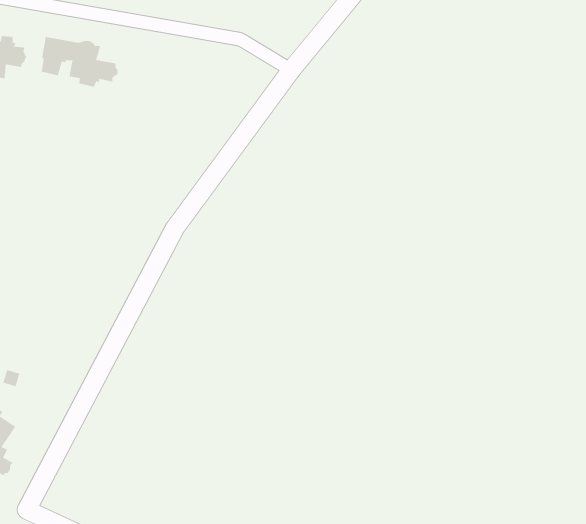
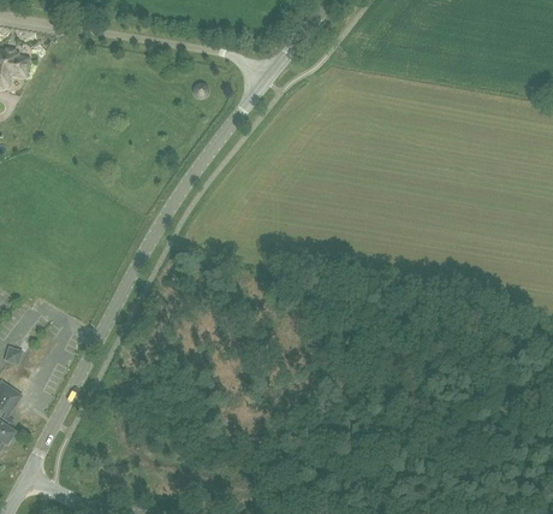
building: [41,36,118,88] -> none

